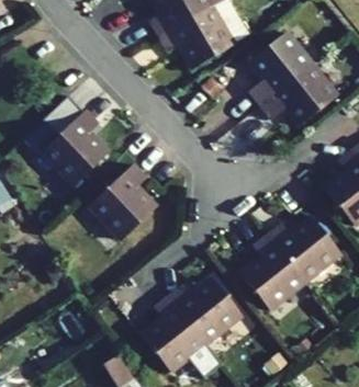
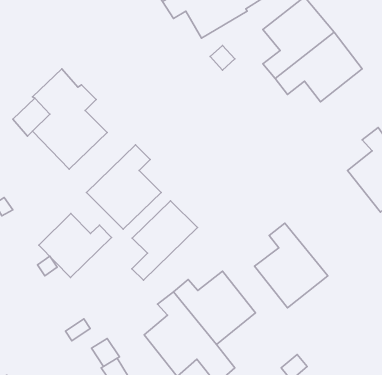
building: none -> [132,201,198,280]
building: [269,217,343,282] -> none
building: none -> [39,214,111,277]

